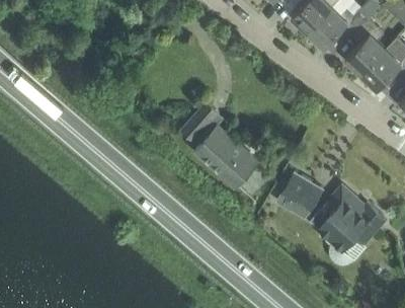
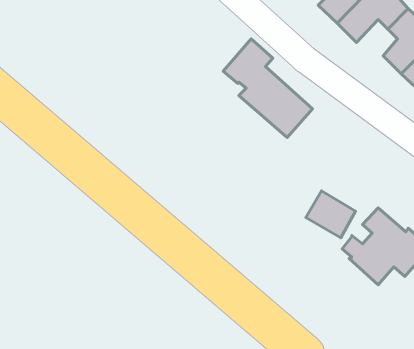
building: [181,104,256,187] -> [223,39,312,138]

